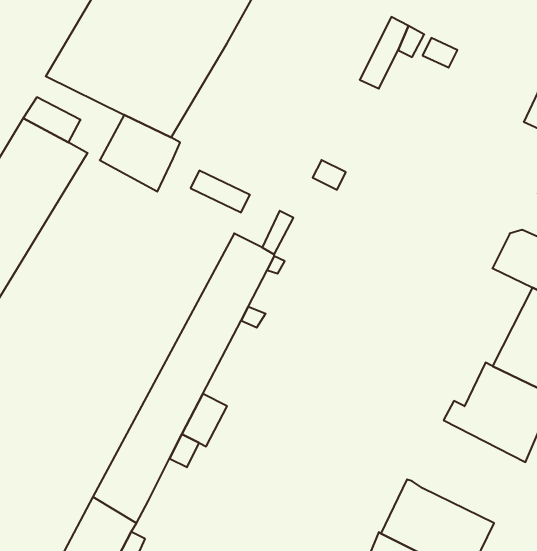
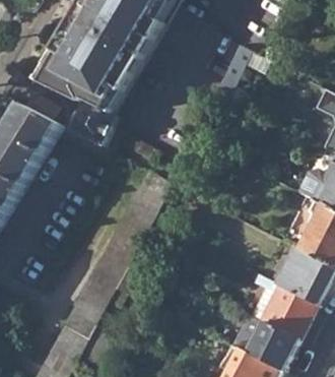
building: none -> [248,275,314,340]

